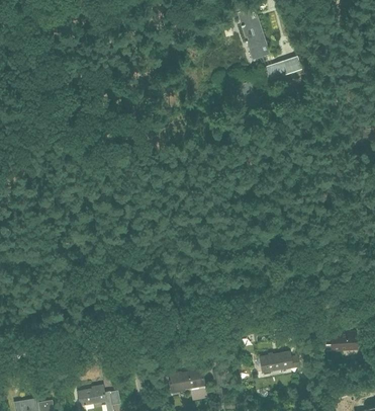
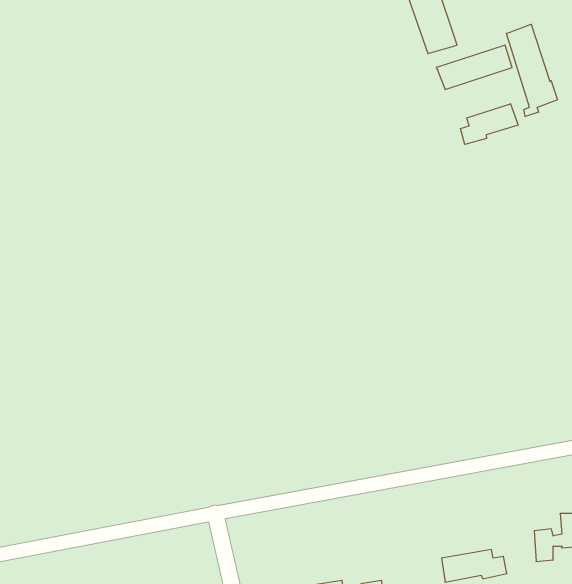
building: none -> [506,24,557,117]
building: none -> [460,104,518,144]

